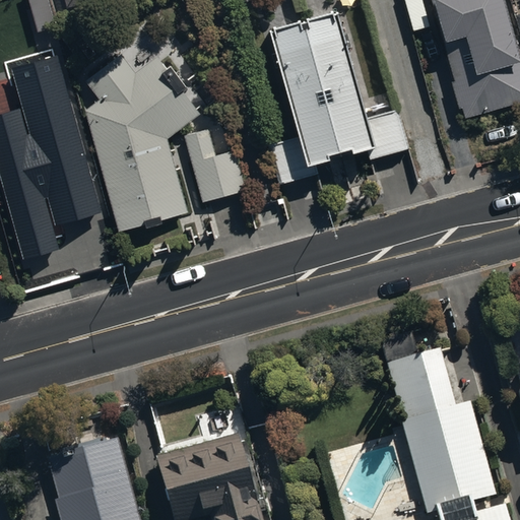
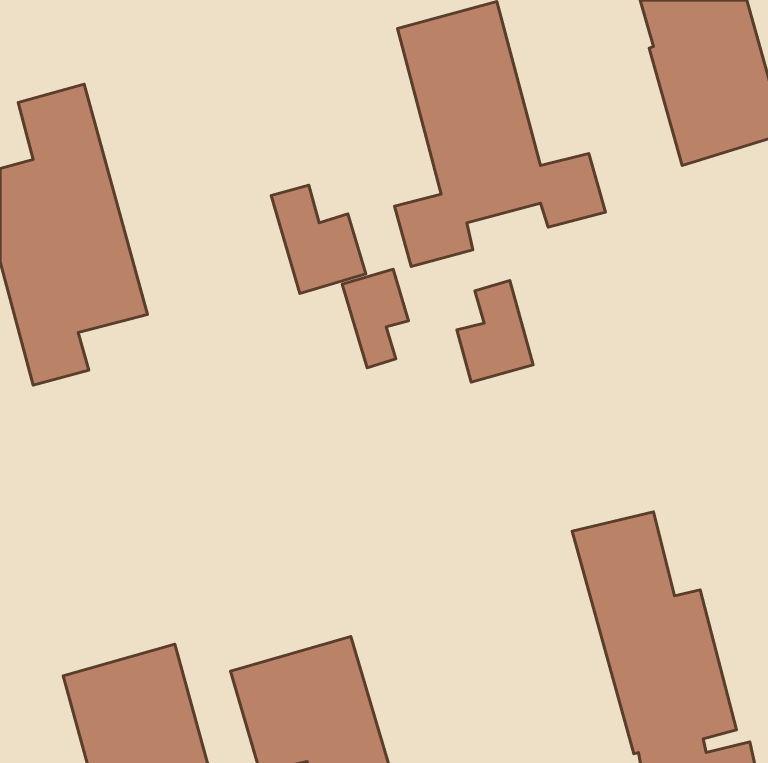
building: [85,53,200,231] -> none
building: none -> [342,269,408,368]
building: none -> [457,281,533,382]

